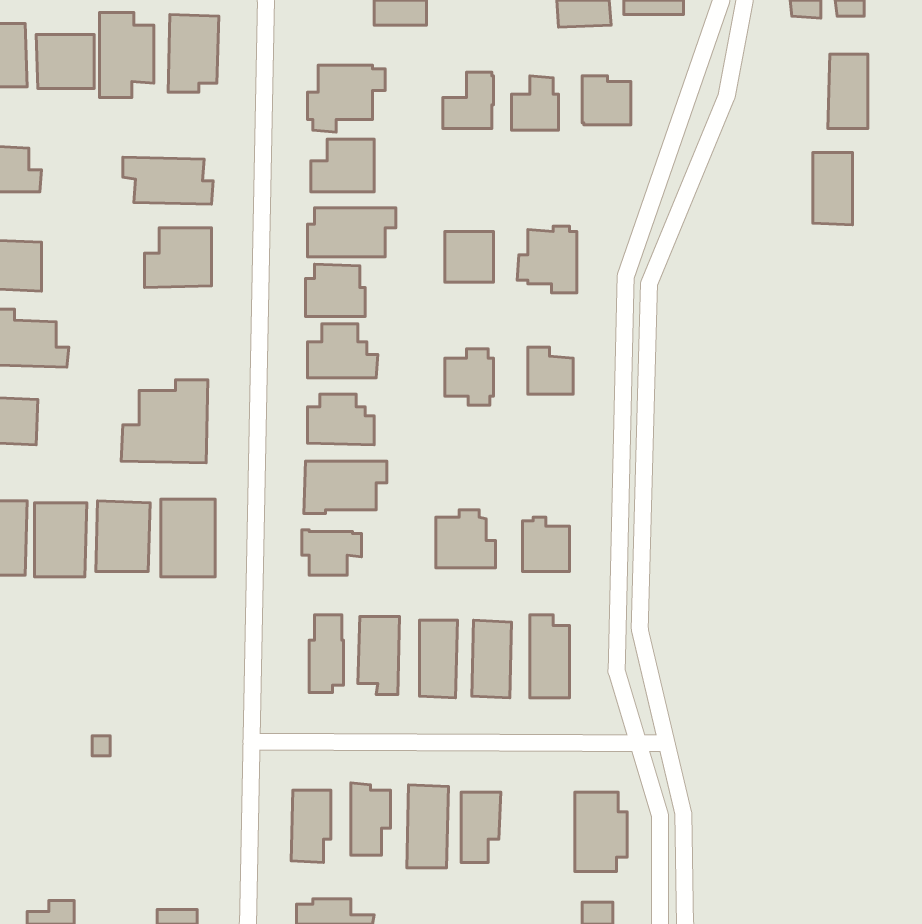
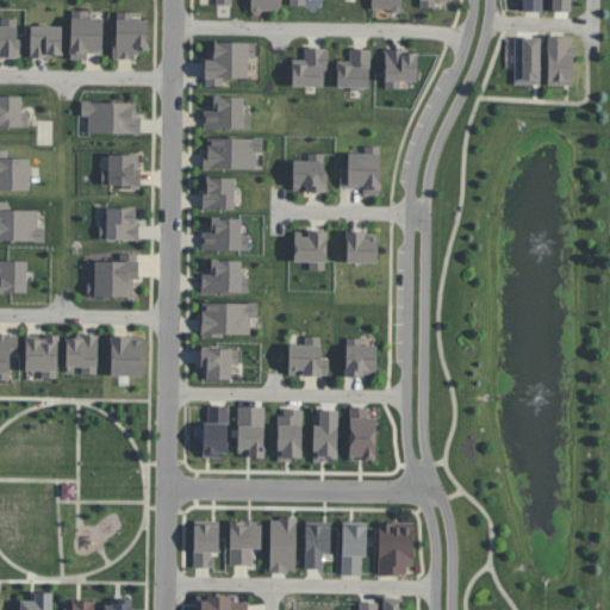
building: [813,153,853,225] -> [513,37,540,85]
building: none -> [100,208,139,241]
building: none -> [342,523,367,575]

